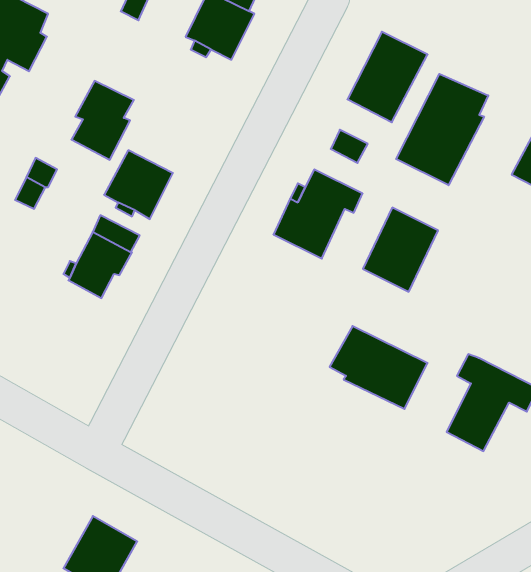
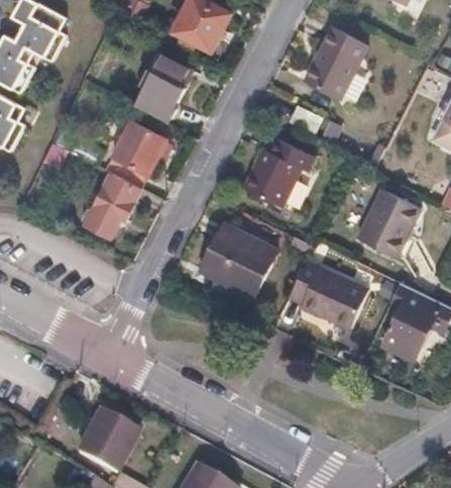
building: [396,74,488,185] -> none
building: [71,81,134,160] -> [137,57,187,119]
building: [363,208,438,292] -> [359,189,419,256]
building: none -> [199,223,276,297]

